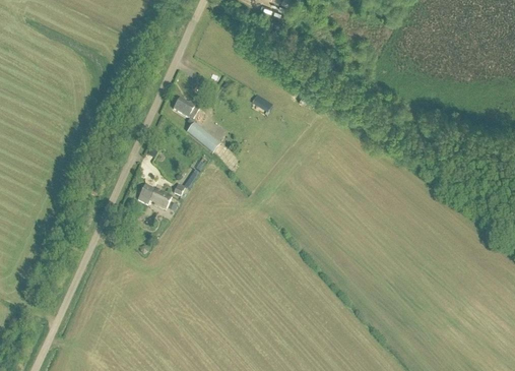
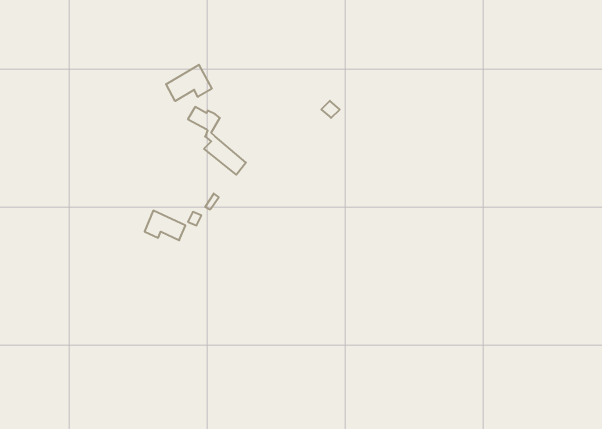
building: none -> [166,65,212,101]

